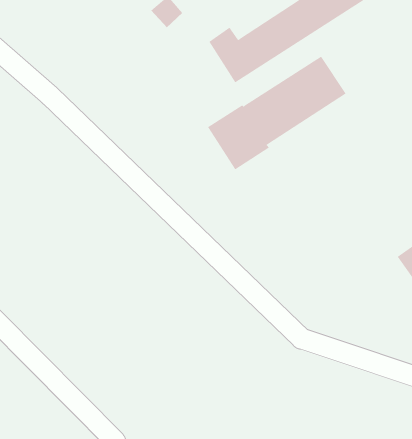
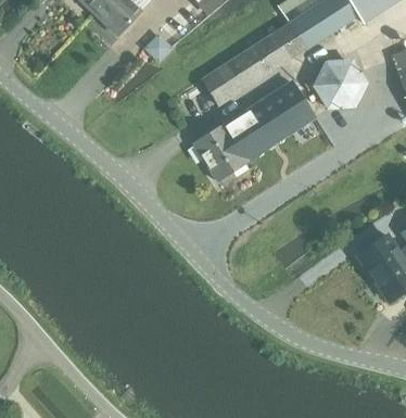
building: none -> [315,53,363,101]

